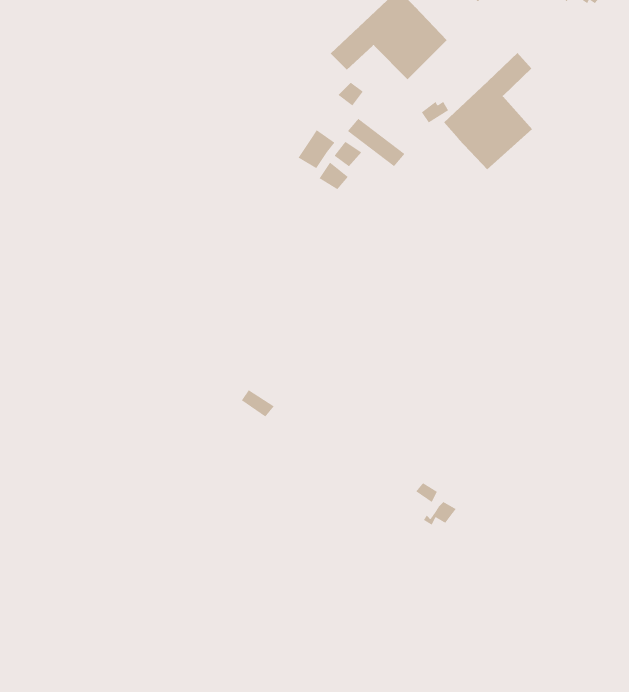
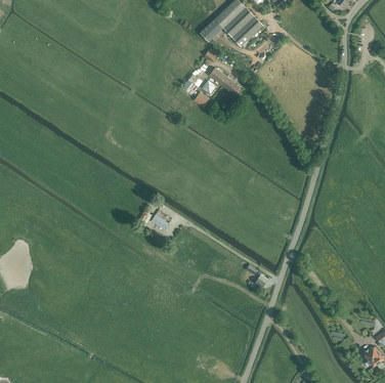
building: [443,52,533,170] -> none

